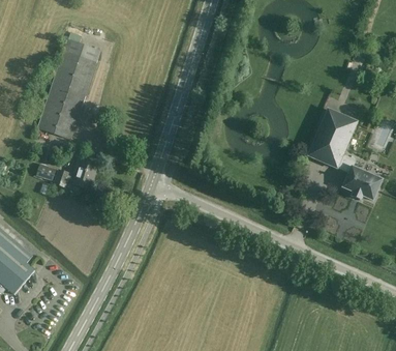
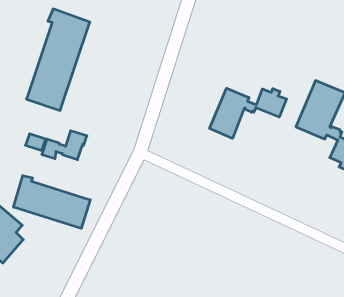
building: none -> [210,88,286,138]
building: none -> [14,176,90,228]

